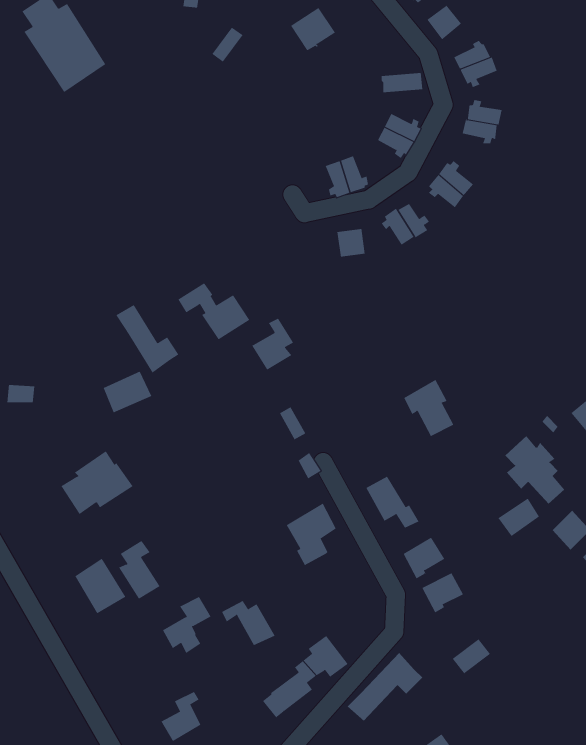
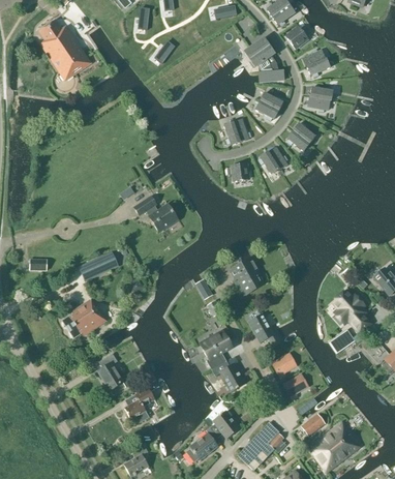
building: [290,7,336,51] -> [246,38,274,65]
building: [115,304,179,373] -> none
building: [252,318,294,371] -> none
building: [403,379,454,437] -> [231,258,262,293]
building: [74,558,126,614] -> none
building: [221,600,275,646] -> [211,362,244,390]
building: none -> [308,421,360,472]

